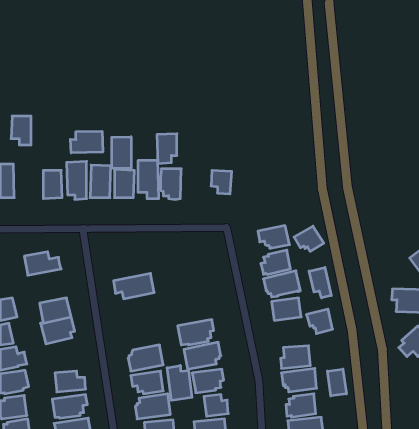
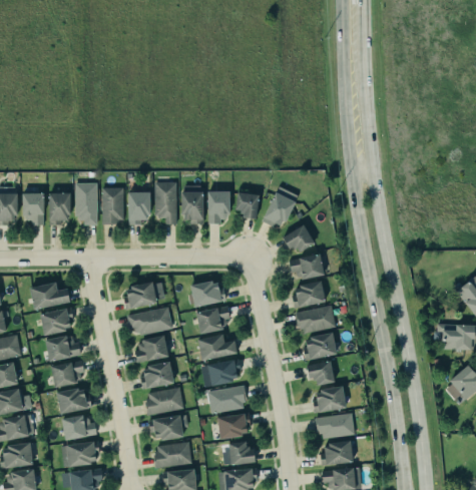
building: [11,116,31,145] -> [23,192,45,224]
building: [70,131,103,153] -> none
building: [157,134,177,164] -> [208,190,230,223]
building: [112,137,131,169] -> none
building: none -> [264,185,299,228]
building: [294,226,324,251] -> [282,224,315,253]
building: none -> [123,281,164,309]
building: none -> [192,281,224,306]
building: [309,267,331,298] -> none
building: none -> [196,306,232,333]
building: none -> [40,307,75,335]
building: none -> [196,334,236,360]
building: none -> [134,335,168,362]
building: [306,309,333,334] -> [306,360,335,387]
building: none -> [140,361,175,389]
building: none -> [55,388,92,414]
building: [167,365,192,400] -> none
building: [327,369,346,396] -> none

